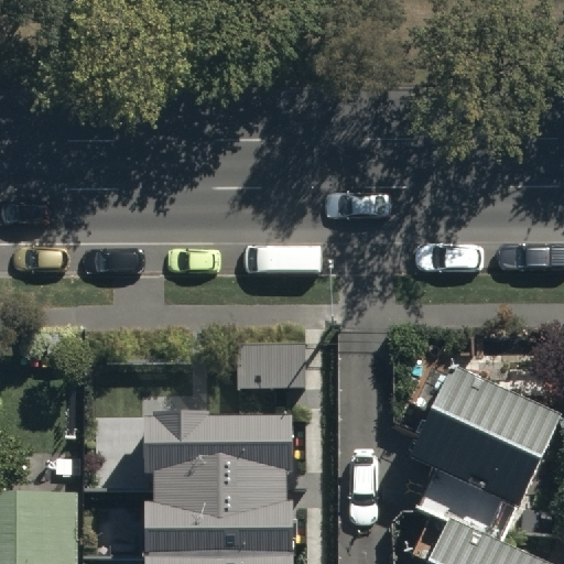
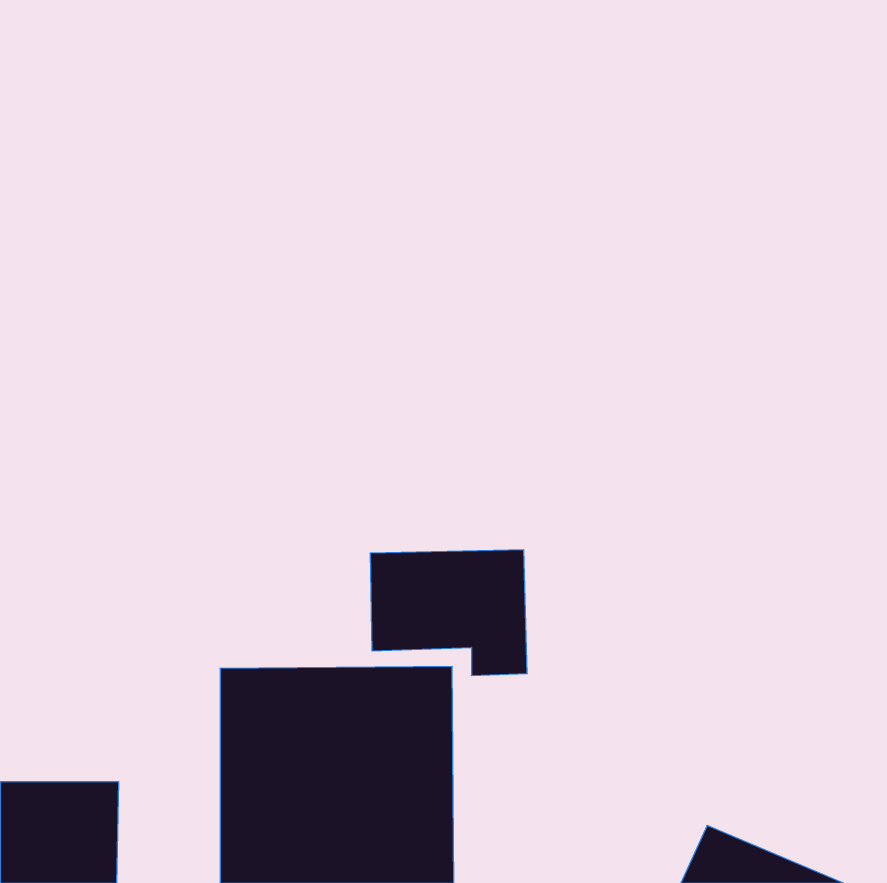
building: [411,365,557,536] -> none

